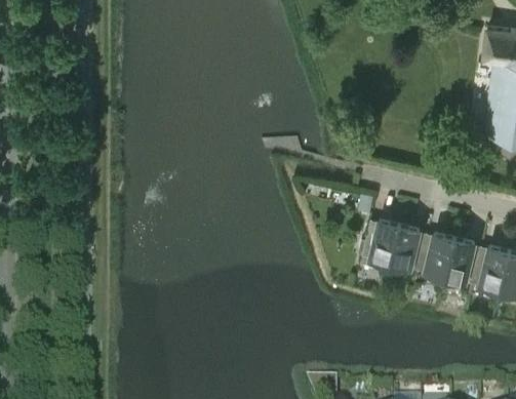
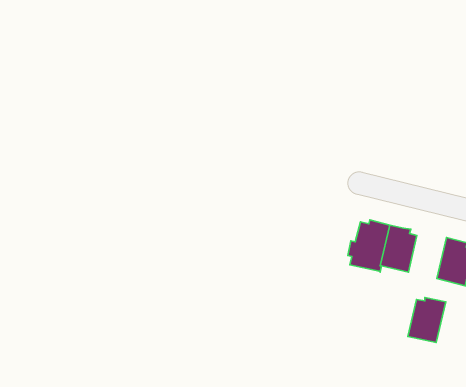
building: [420,229,457,273] -> [408,298,446,343]

